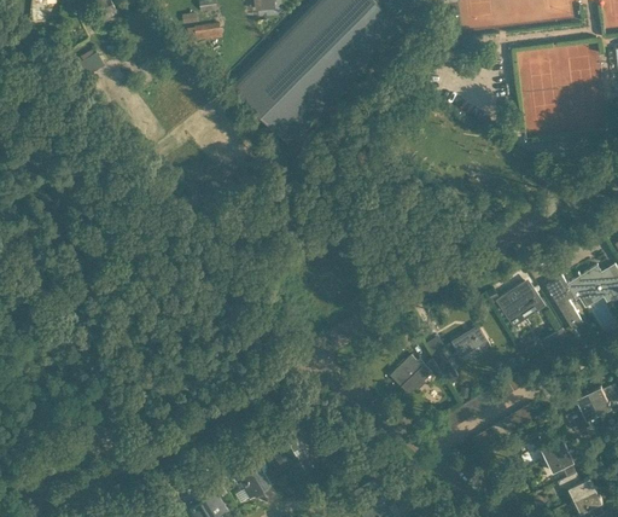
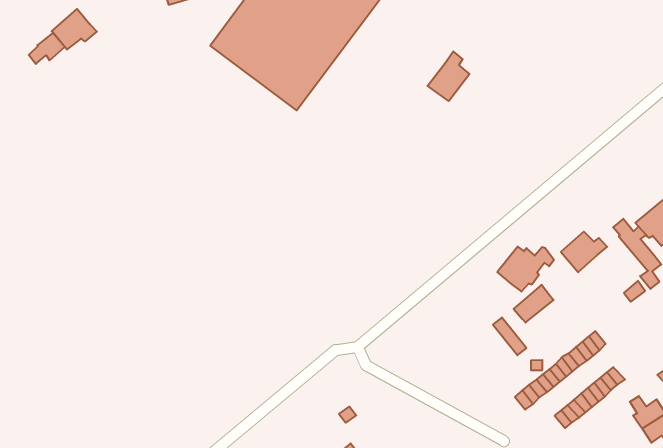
building: none -> [52,9,97,50]
building: none -> [428,51,469,101]
building: [390,356,439,395] -> [497,247,554,292]

